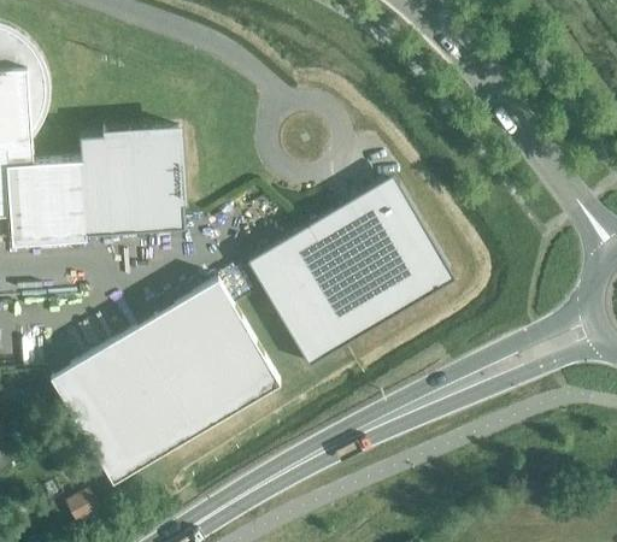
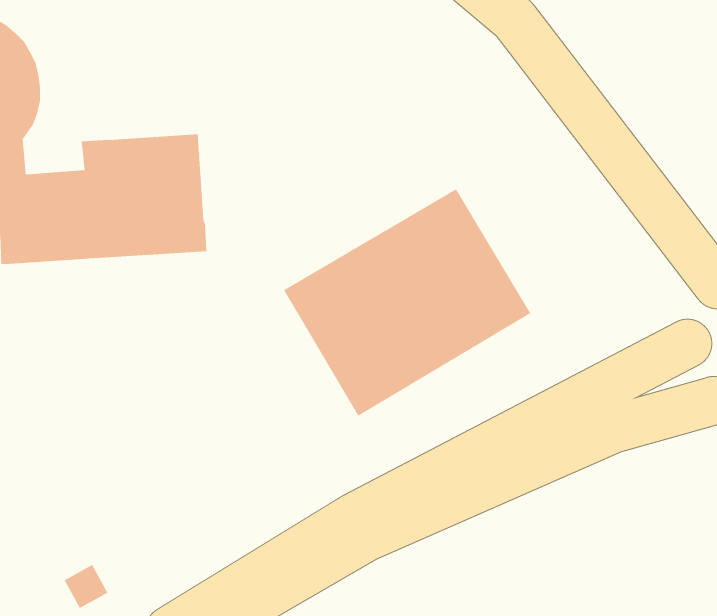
building: [48,279,278,484] -> none

